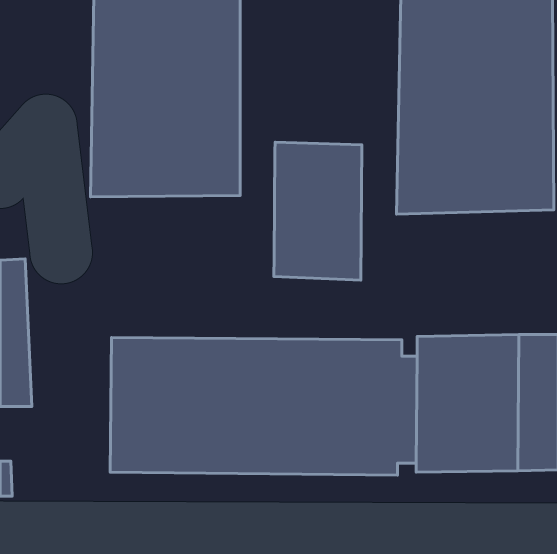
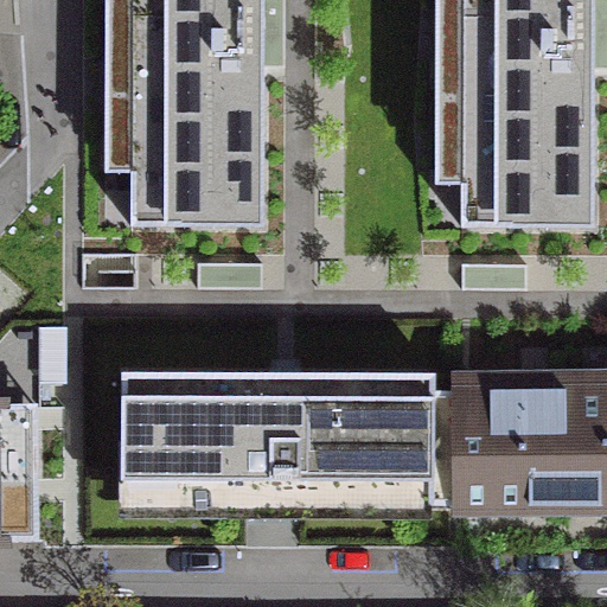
building: [274,142,362,280] -> none

